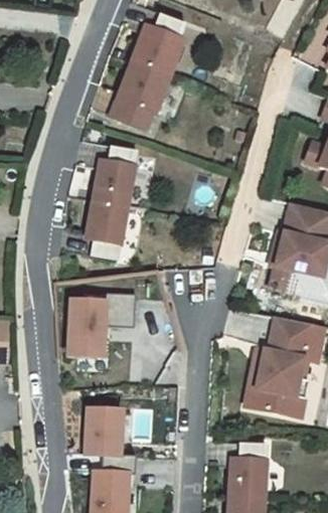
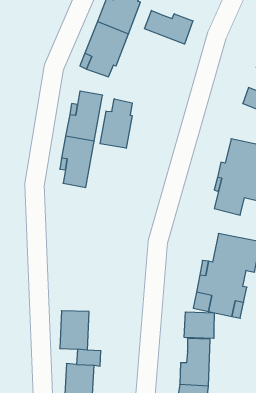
building: none -> [144,10,193,44]
building: none -> [100,99,132,148]
building: [68,293,136,357] -> none
building: none -> [184,312,214,338]

